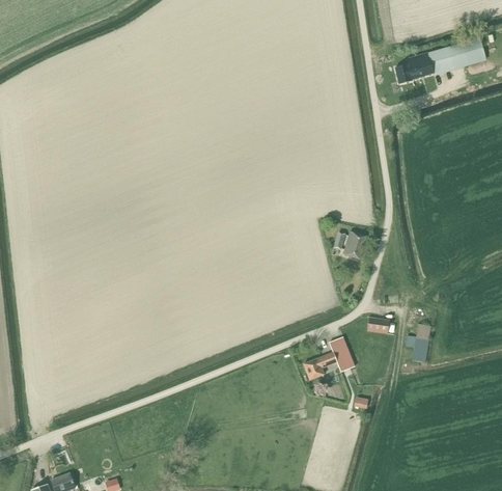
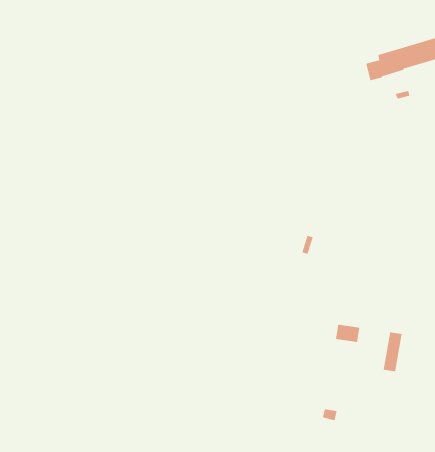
building: [343,231,366,260] -> none
building: [303,337,355,380] -> none

